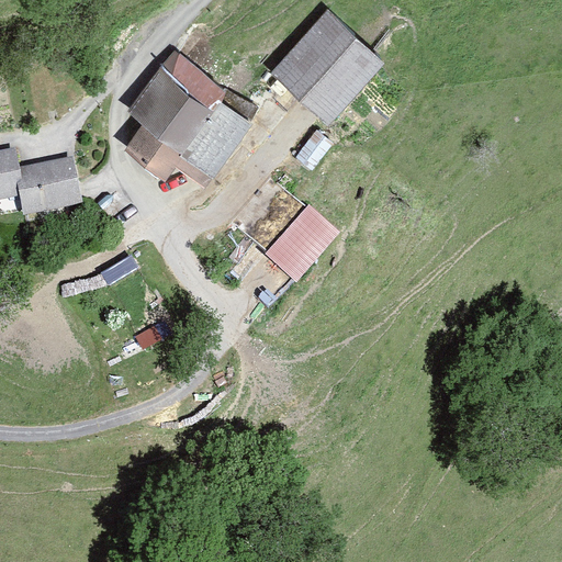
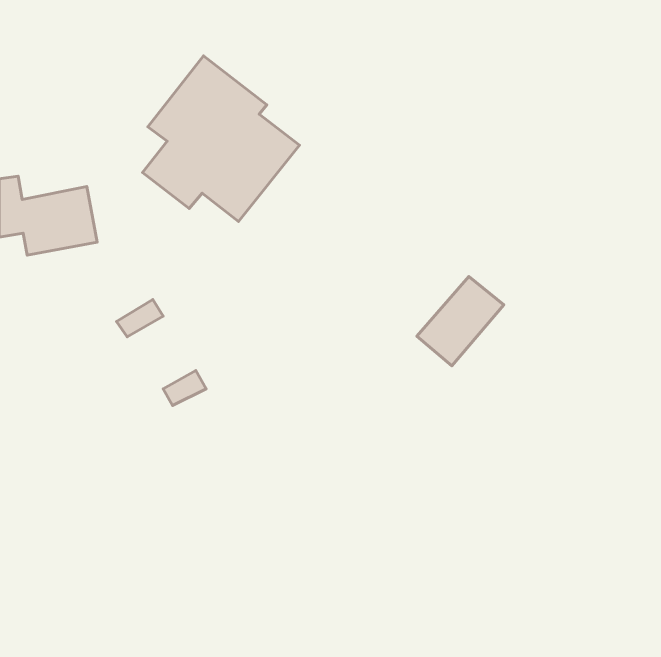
building: [273,13,379,120] -> none
building: [265,209,338,284] -> [417,276,504,366]

